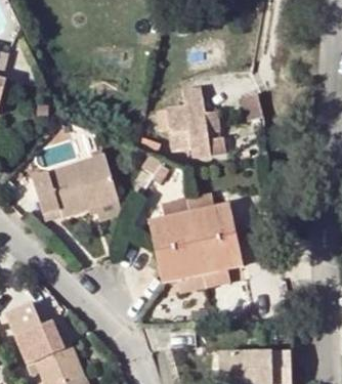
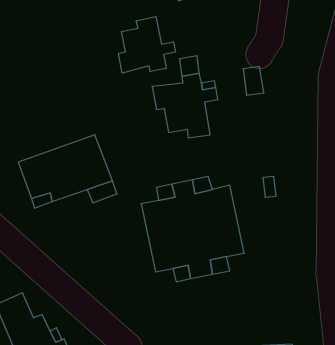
building: none -> [119,16,175,73]

